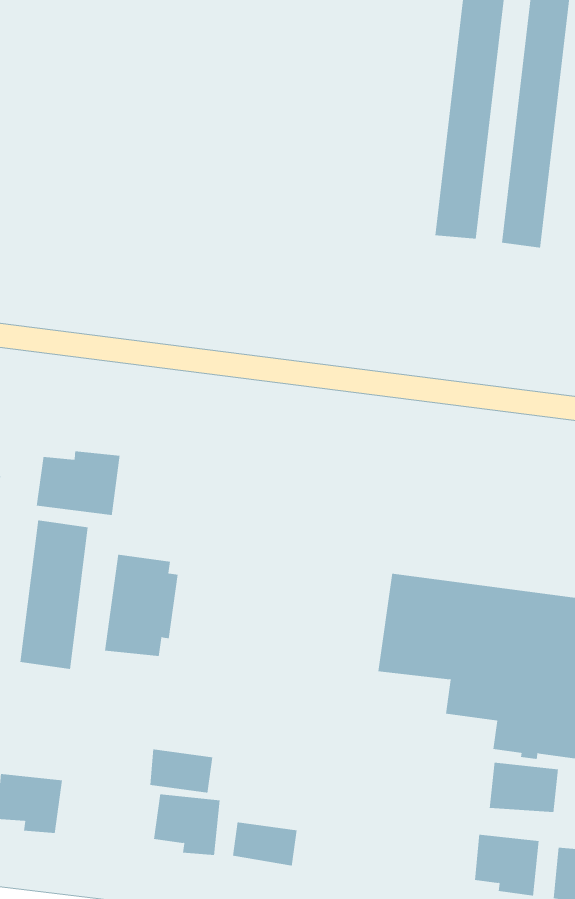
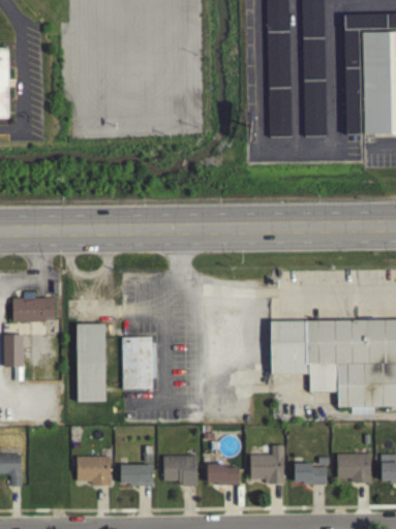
building: [36,451,120,516] -> none
building: [149,749,213,793] -> [120,464,153,484]
building: [489,762,559,813] -> none
building: none -> [250,444,284,484]
building: none -> [294,463,327,484]

